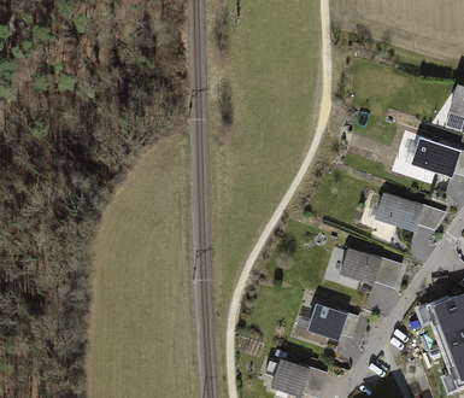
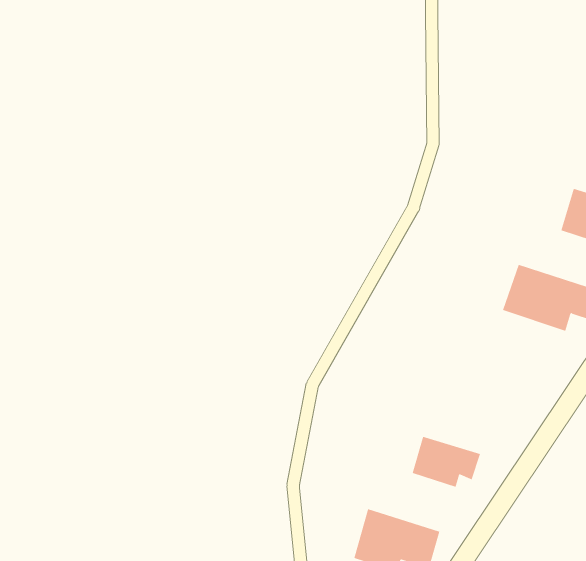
building: [340,248,400,288] -> none

